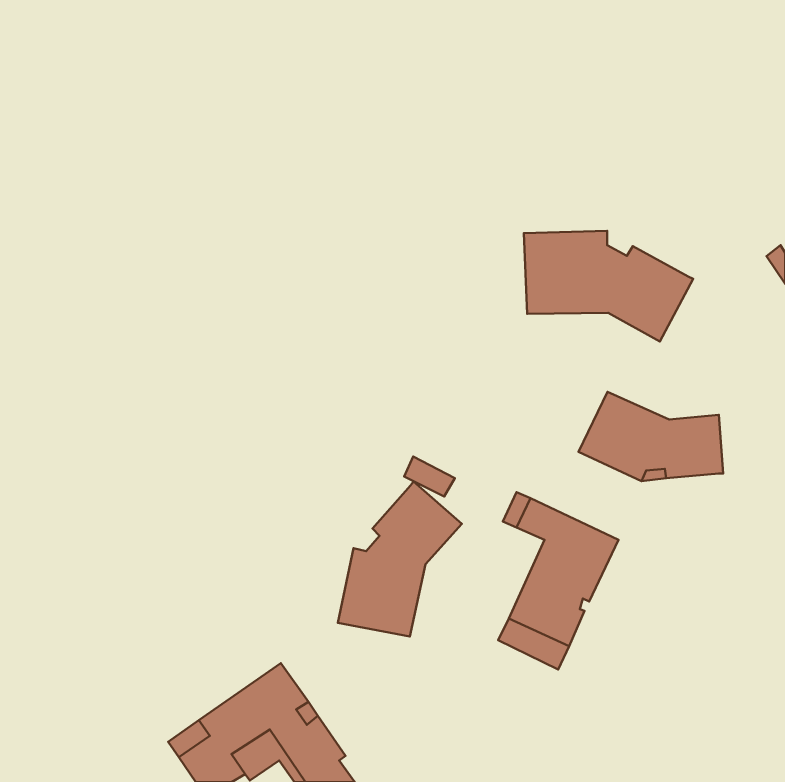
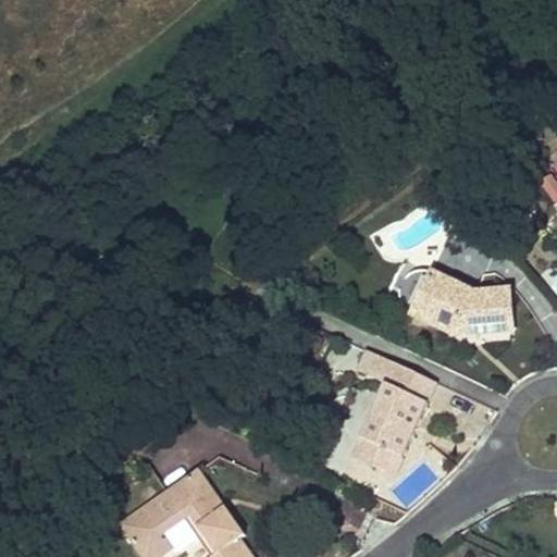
building: [524,231,693,342] -> none
building: [338,481,462,636] -> none

